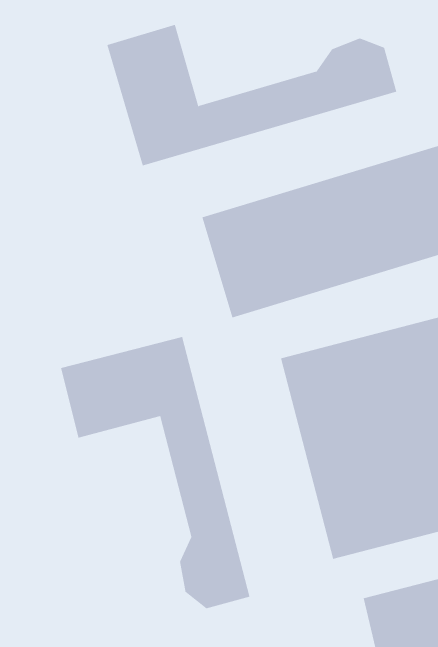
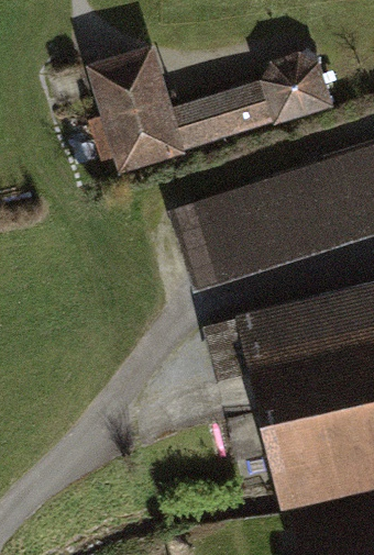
building: [61,336,250,609] -> none

